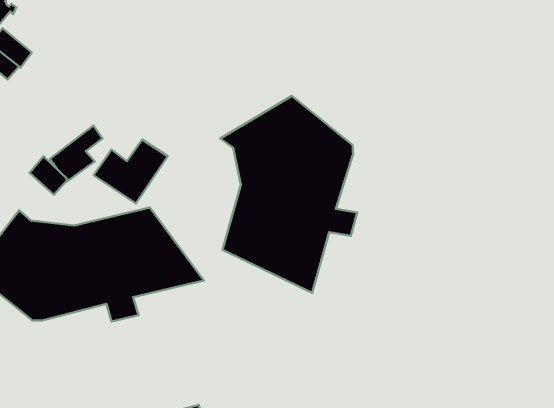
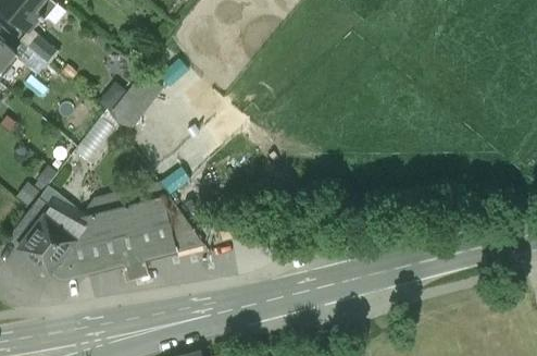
building: [220,96,357,293] -> none
building: [94,139,168,203] -> [98,72,161,126]

